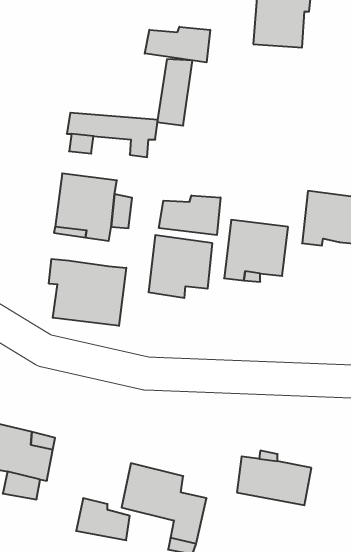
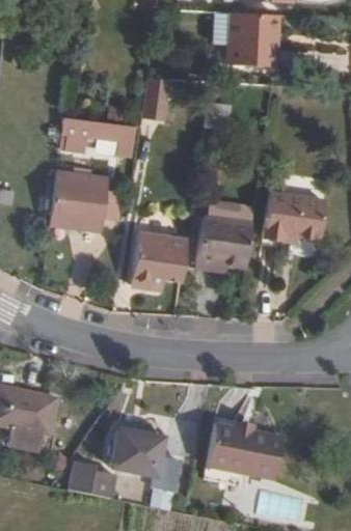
building: [145,27,210,62] -> none
building: [159,195,220,235] -> none
building: [49,259,126,326] -> none

